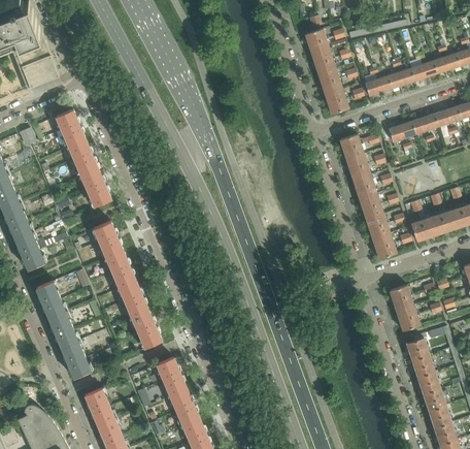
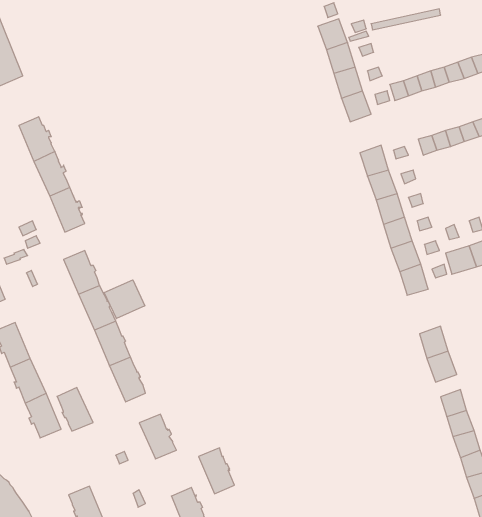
building: none -> [104,280,145,319]
building: [169,388,199,426] -> [199,448,234,494]
building: [85,389,114,425] -> [57,388,93,431]

